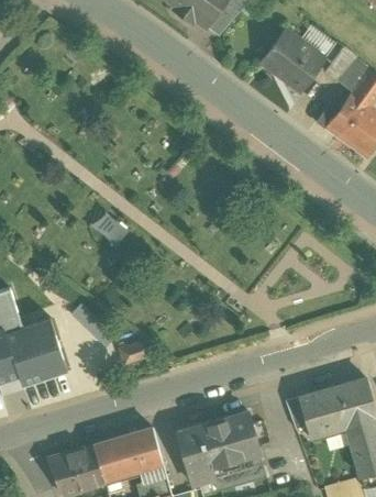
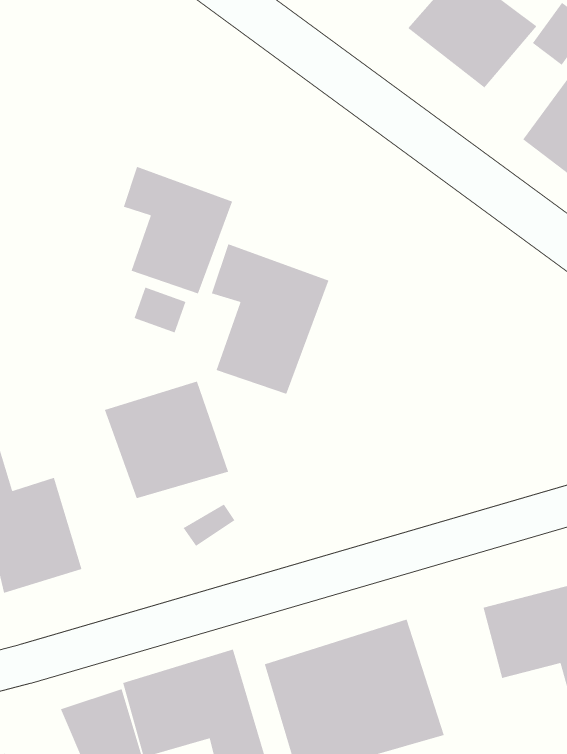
building: none -> [123,166,233,294]
building: none -> [211,243,329,395]
building: none -> [104,381,229,499]

